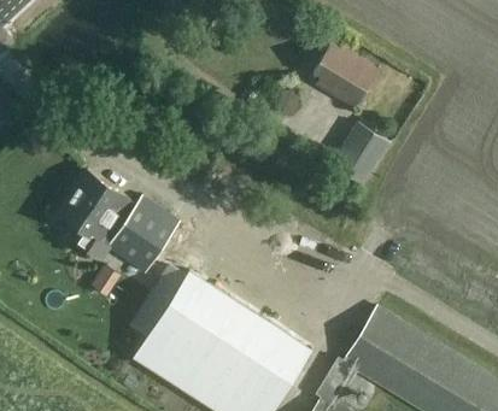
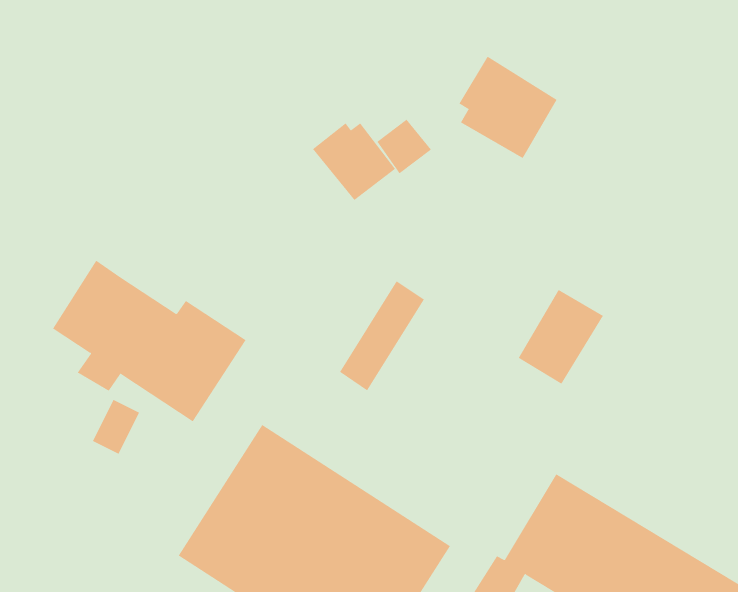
building: none -> [312,122,396,201]
building: [334,124,388,184] -> [518,289,604,384]
building: [131,268,186,337] -> [339,280,425,391]

